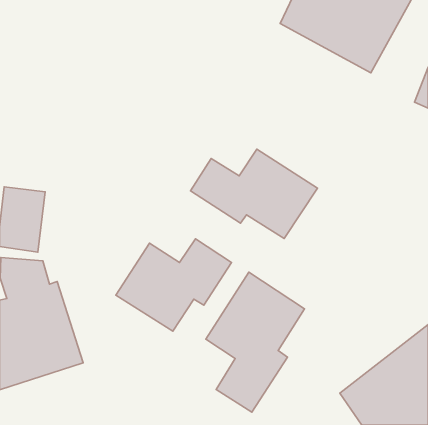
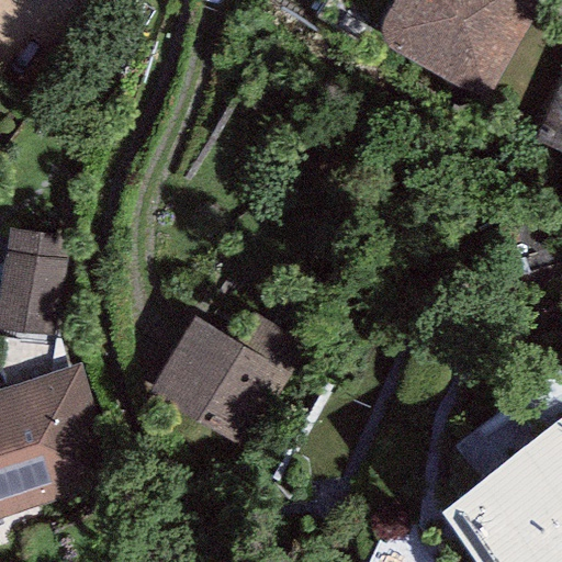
building: [190,149,317,239] -> none
building: [206,272,304,412] -> none

